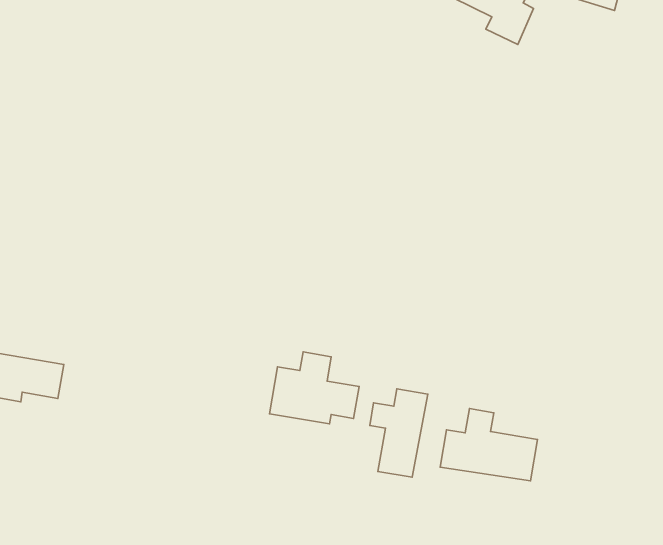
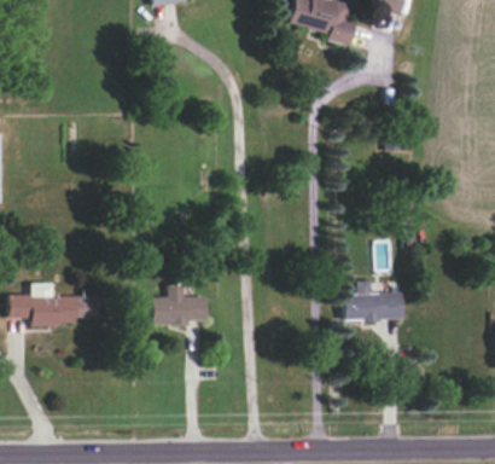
building: [269,352,359,424] -> [150,283,203,325]
building: [370,389,428,477] -> none

